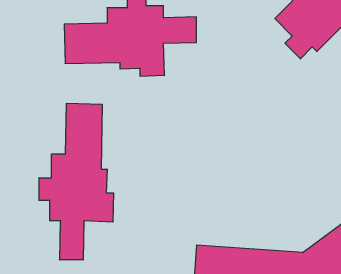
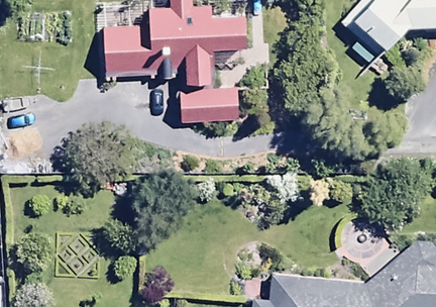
building: none -> [180,88,240,124]
building: [39,103,114,260] -> none

